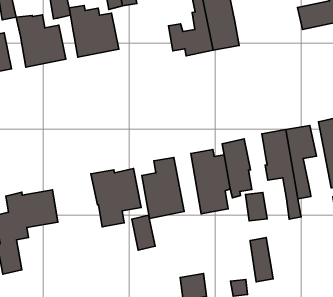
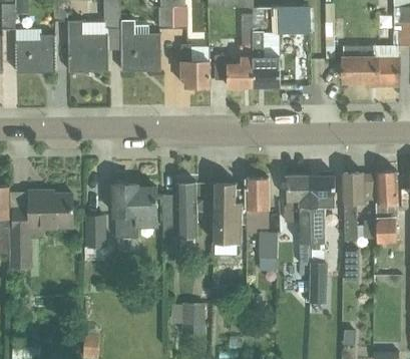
building: none -> [179,45,210,88]
building: [132,215,155,250] -> [86,217,104,249]
building: [250,238,273,282] -> [309,263,326,304]

